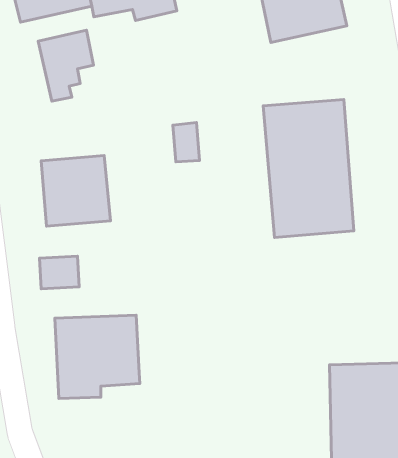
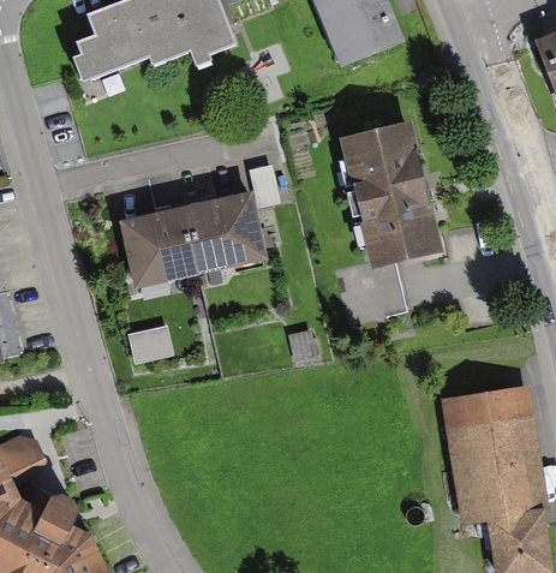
building: [38,30,93,101] -> none
building: none -> [181,193,267,275]
building: [55,315,140,399] -> none

